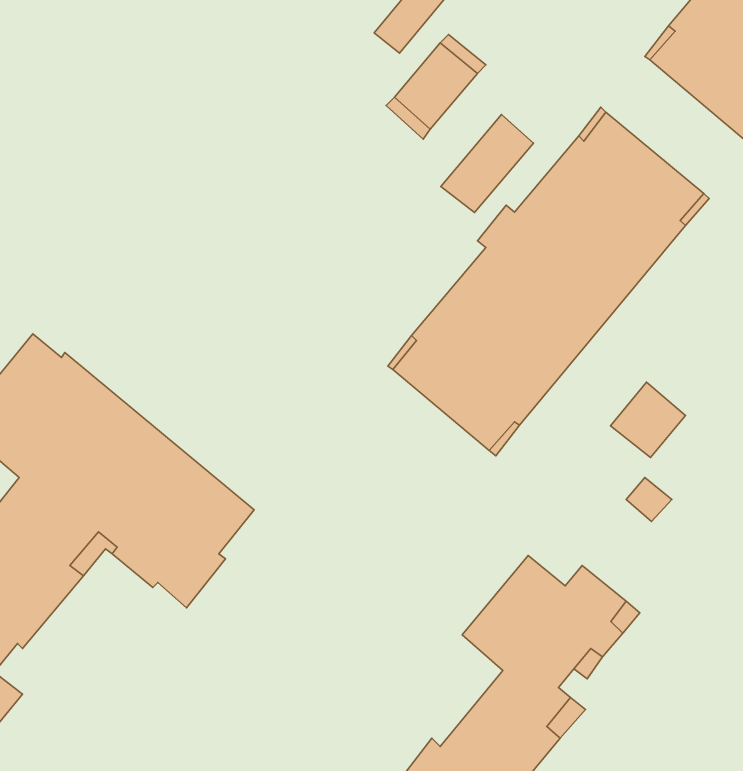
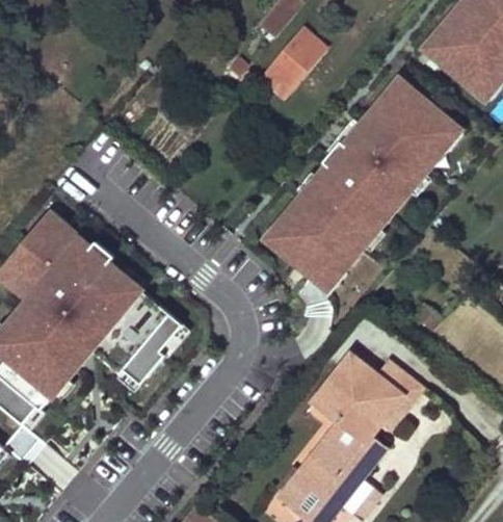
building: [441,115,533,212] -> none
building: [610,382,686,457] -> none

